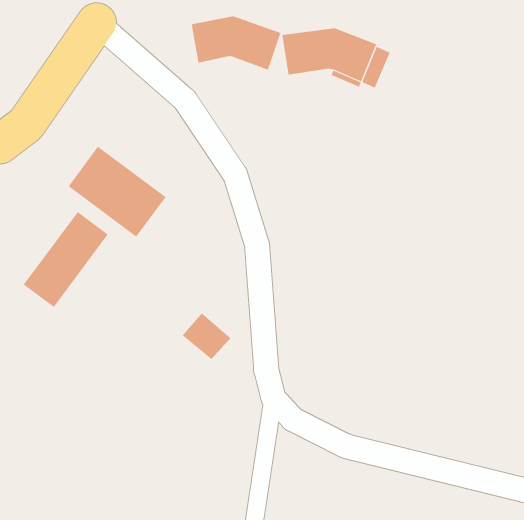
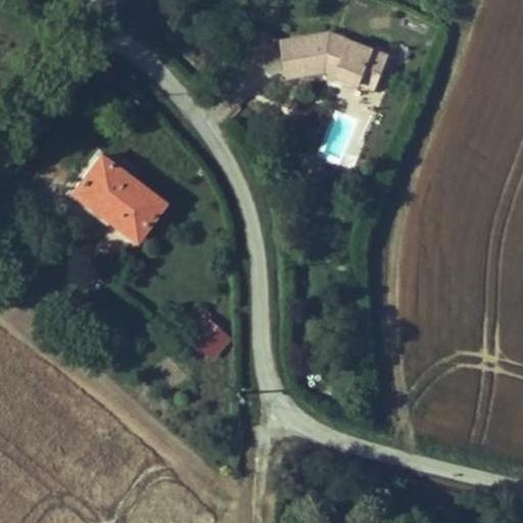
building: [191,16,281,70] -> none
building: [23,211,109,308] -> none

